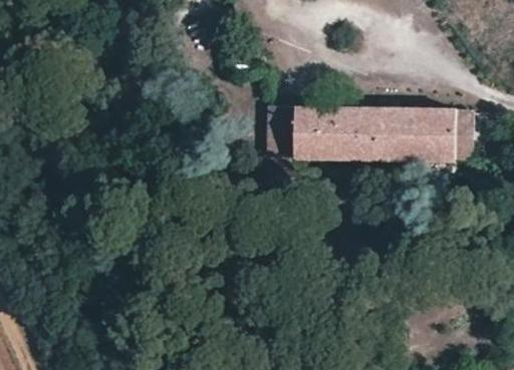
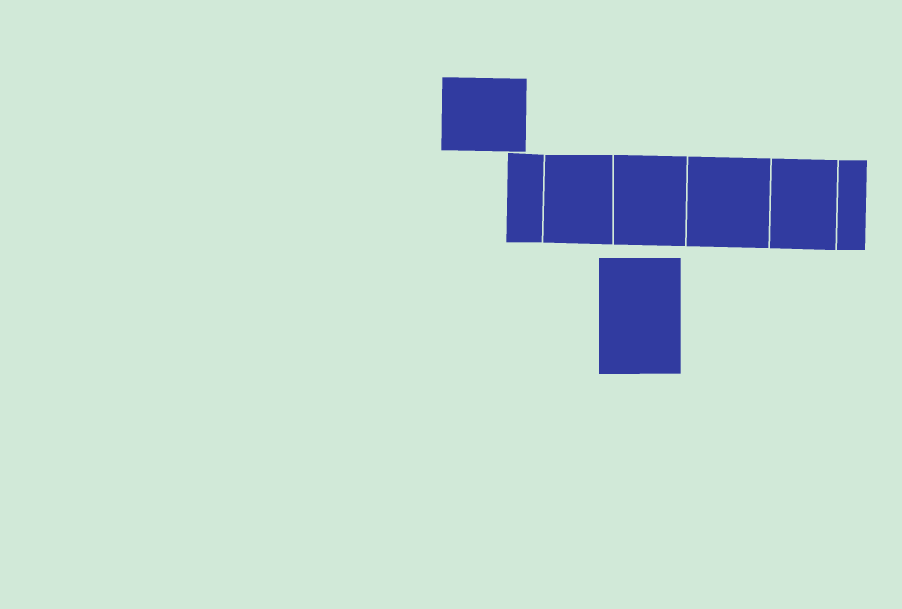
building: none -> [441,76,528,153]
building: none -> [598,257,681,375]

